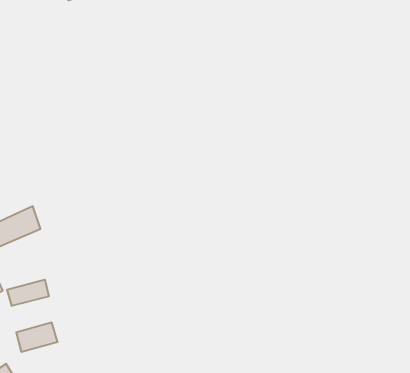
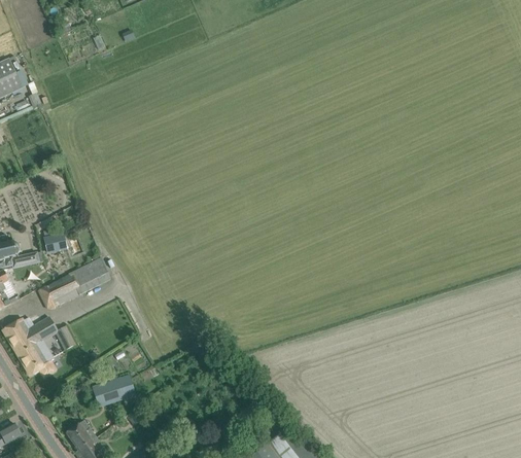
building: [7,280,49,306] -> none

